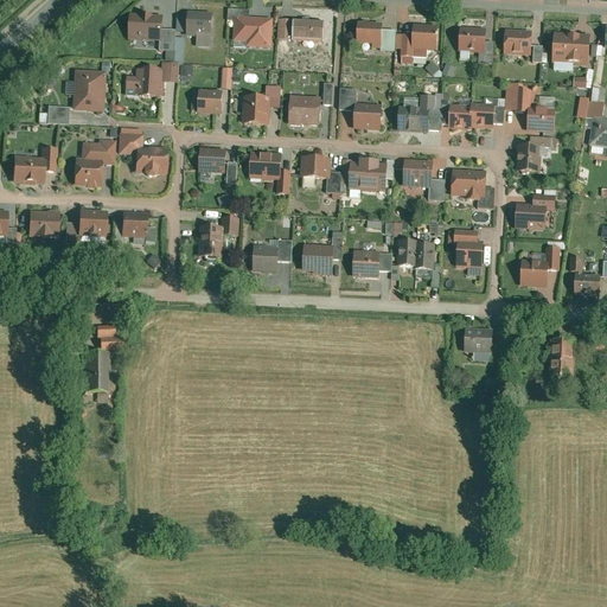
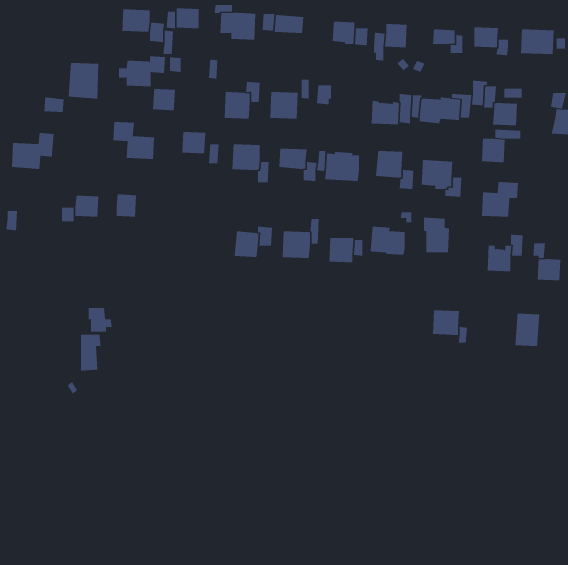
building: [199,84,224,108] -> [152,88,176,111]
building: [351,106,379,132] -> none
building: [75,136,116,181] -> none
building: [32,209,59,232] -> none
building: [198,210,241,251] -> none

